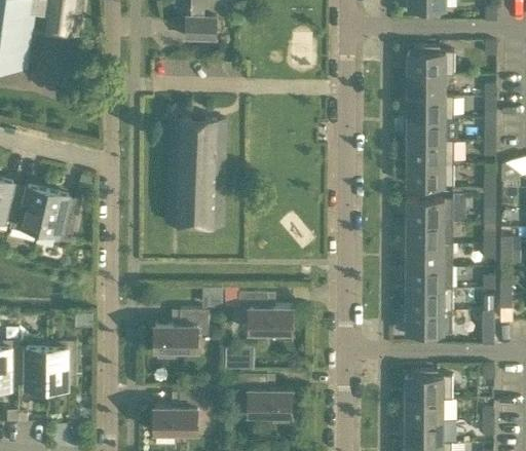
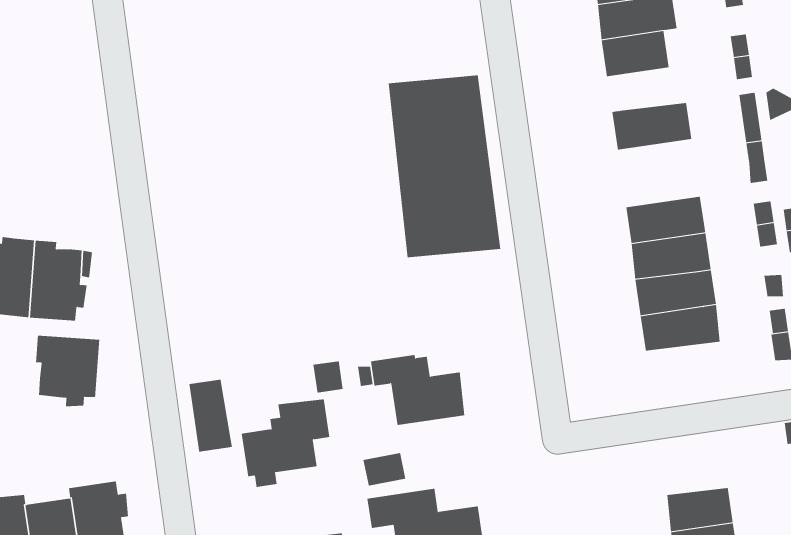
building: [165,119,225,229] -> [388,75,501,258]
building: [406,144,452,166] -> none
building: [406,200,452,224] -> none
building: none -> [36,335,100,407]
building: none -> [189,379,232,452]
building: [405,312,451,342] -> none
building: [405,372,451,402] -> none

